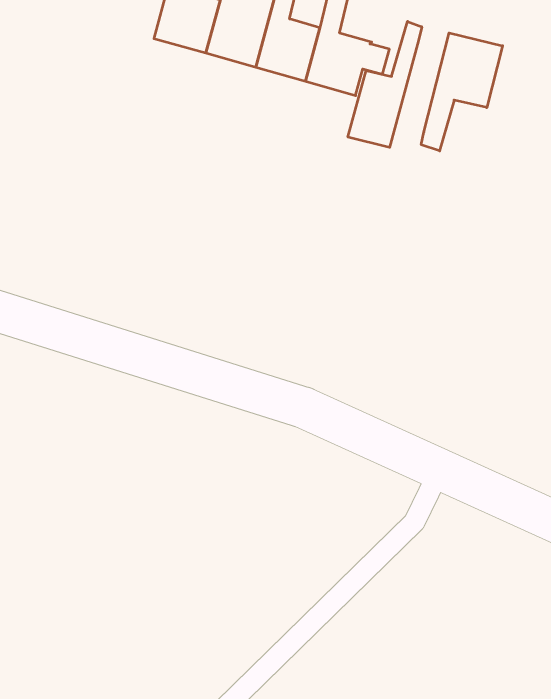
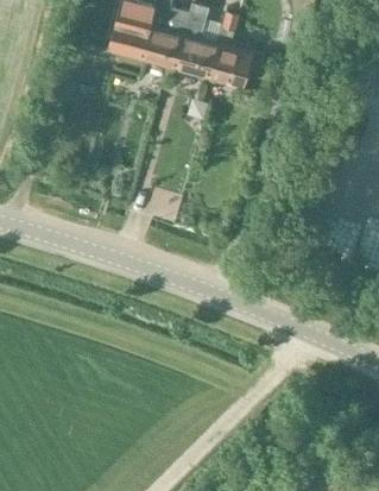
building: [348,21,422,147] -> none
building: [421,33,503,151] -> none

